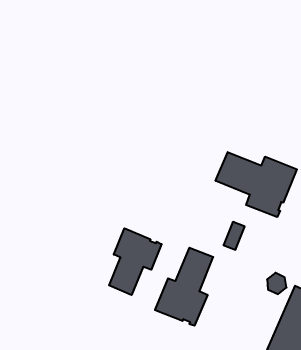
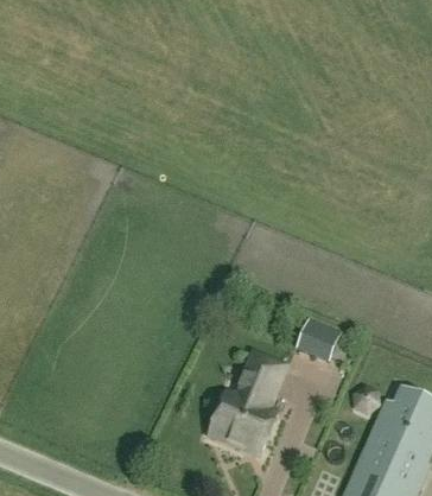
building: [216,152,297,217] -> none
building: [109,228,162,295] -> none

